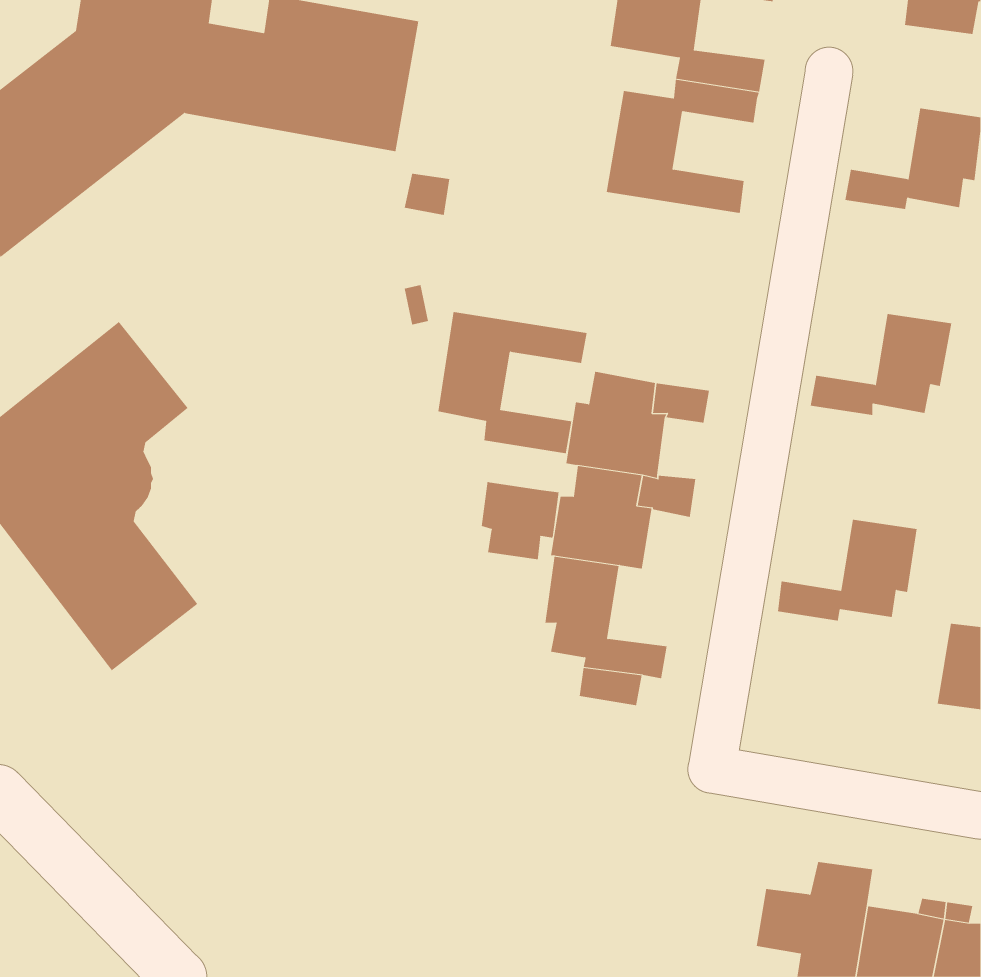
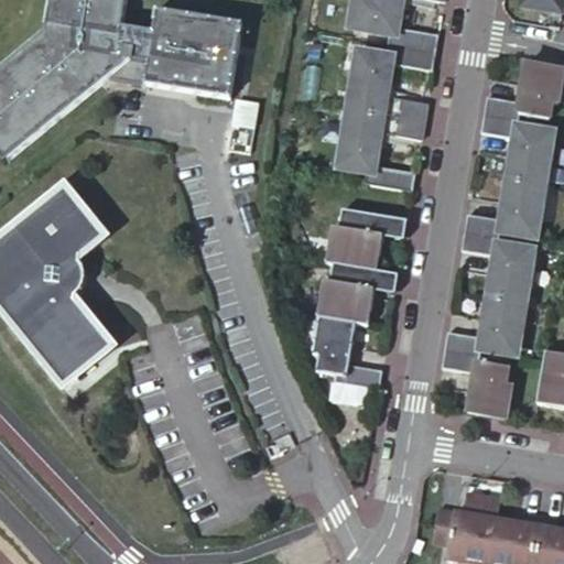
building: none -> [480,115,551,185]
building: [437,312,588,454] -> [338,110,424,192]
building: none -> [462,232,531,303]
building: [481,481,559,560] -> none
building: none -> [442,350,512,421]

